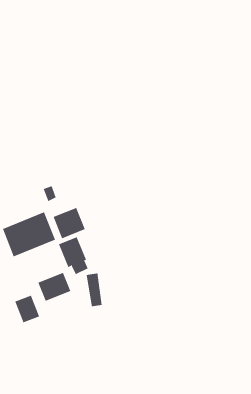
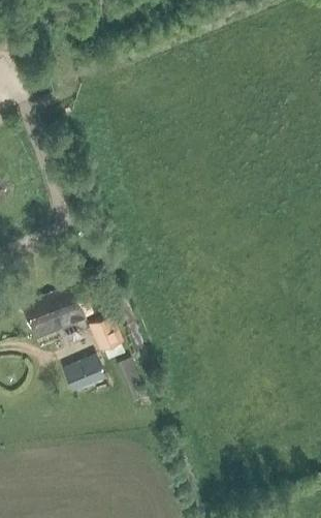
building: [53,207,86,239] -> none
building: [15,295,40,323] -> none

